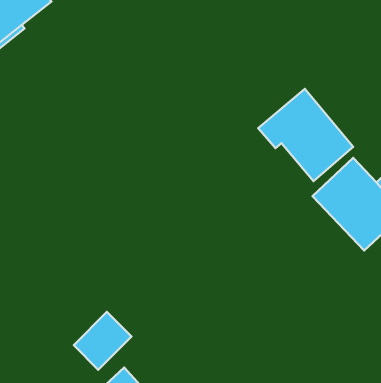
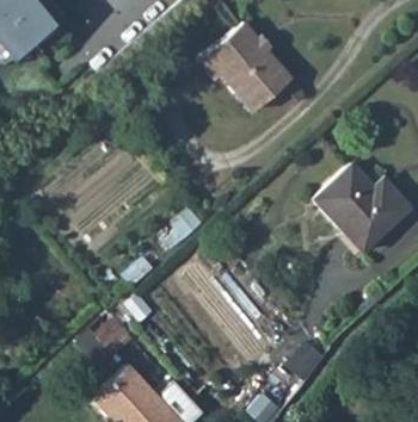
building: [258,89,353,181] -> [201,20,293,110]

